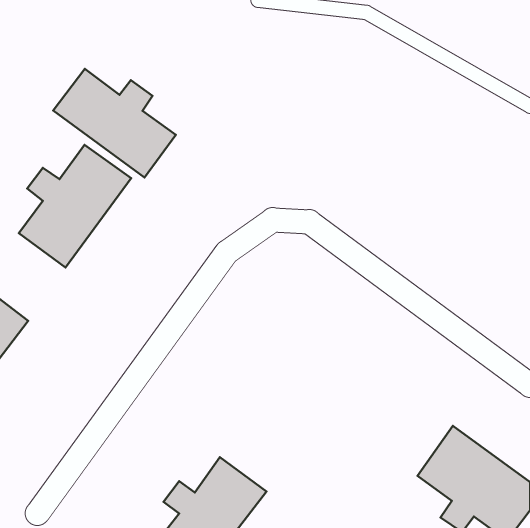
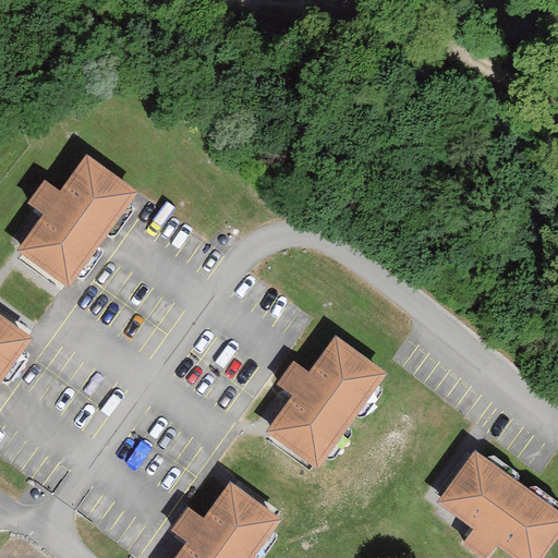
building: [53,69,176,178] -> none
building: none -> [267,337,385,466]

